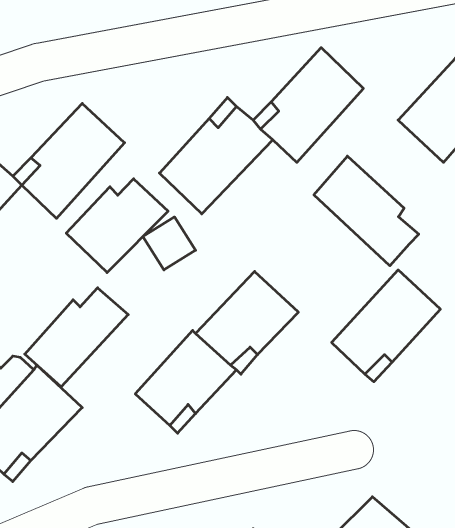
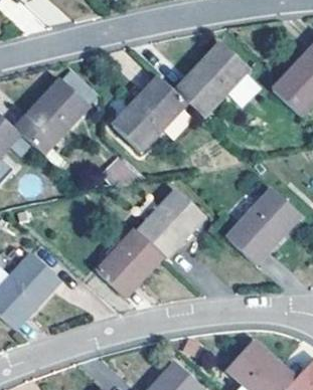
building: [314,156,419,266] -> none
building: [66,179,168,273] -> none
building: [25,288,128,387] -> none

